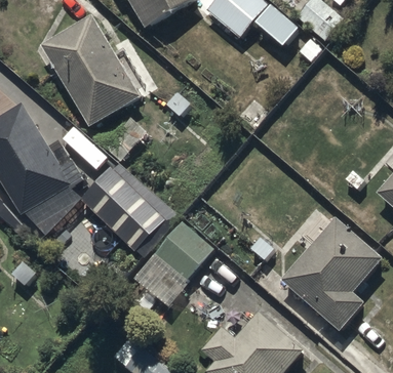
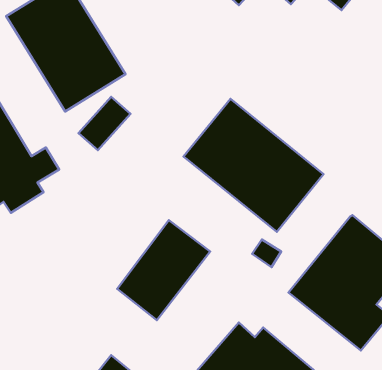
building: none -> [184,99,323,232]
building: [79,165,166,251] -> none

